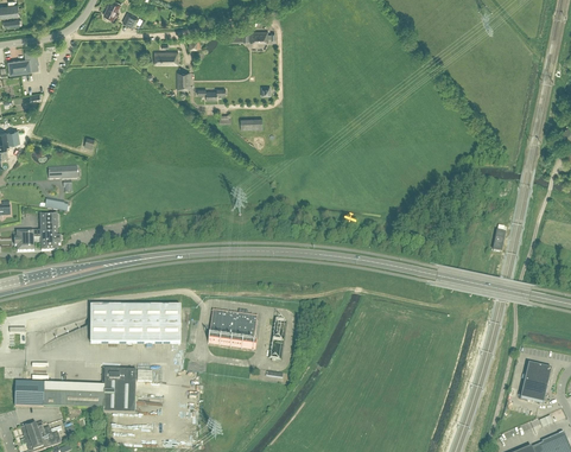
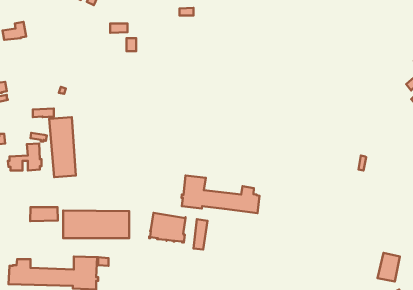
building: none -> [49,117,76,177]
building: none -> [181,176,259,213]
building: none -> [30,207,58,221]

